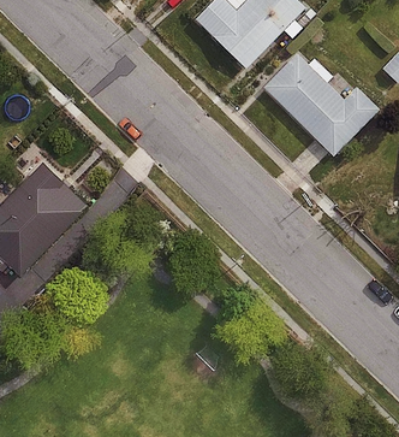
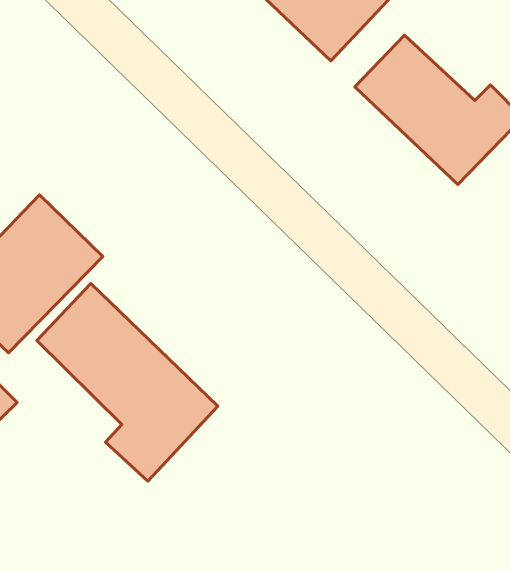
building: none -> [37,283,218,481]

